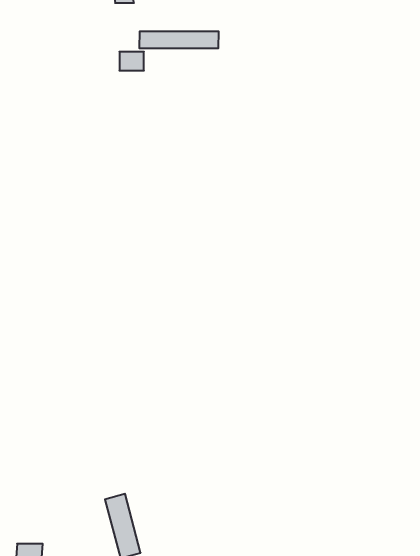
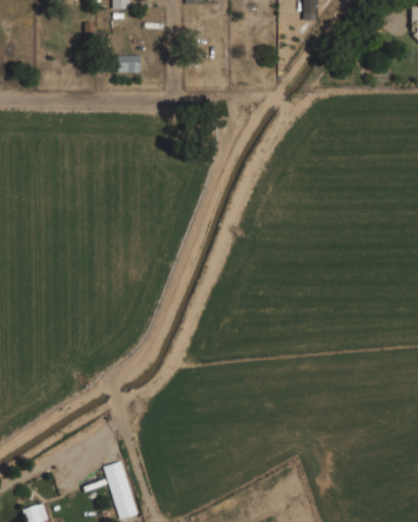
building: [139,31,219,48] -> none

